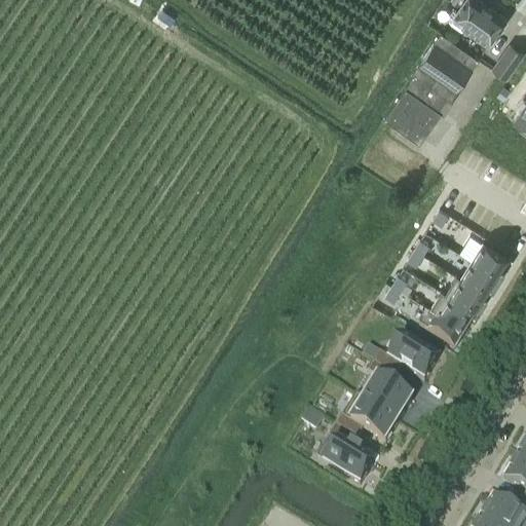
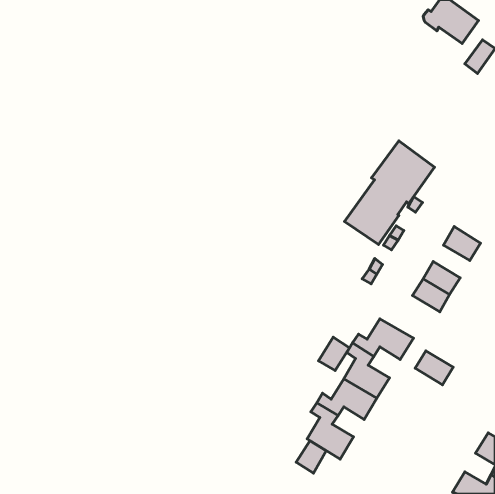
building: [384,33,480,143] -> [345,141,435,245]
building: [459,260,498,295] -> none
building: [426,313,466,349] -> [415,351,453,385]
building: none -> [319,337,350,371]
building: none -> [296,441,326,473]

